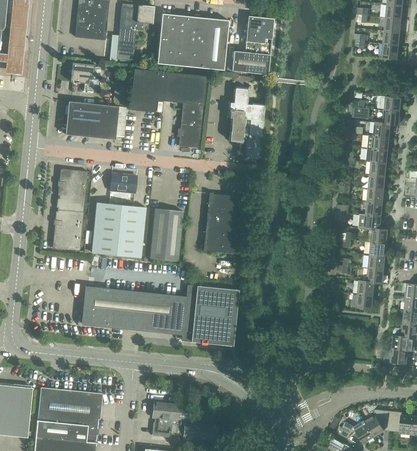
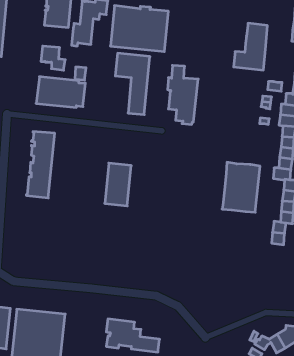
building: [230,16,272,74] -> [234,23,267,70]
building: [129,69,165,112] -> none
building: [109,173,136,193] -> none
building: [202,193,249,255] -> [222,162,260,212]
building: [91,202,145,257] -> none
building: [81,284,238,345] -> none

